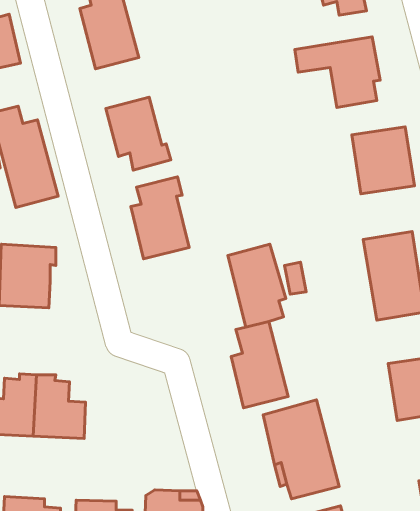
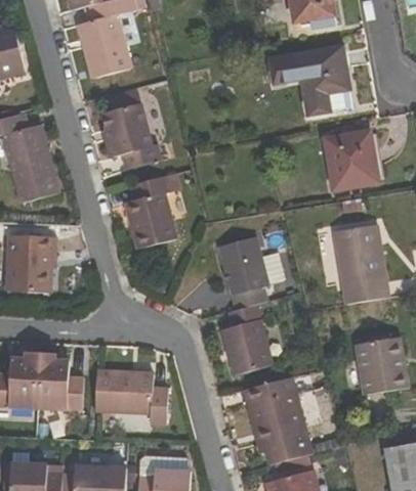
building: none -> [94,369,168,426]

